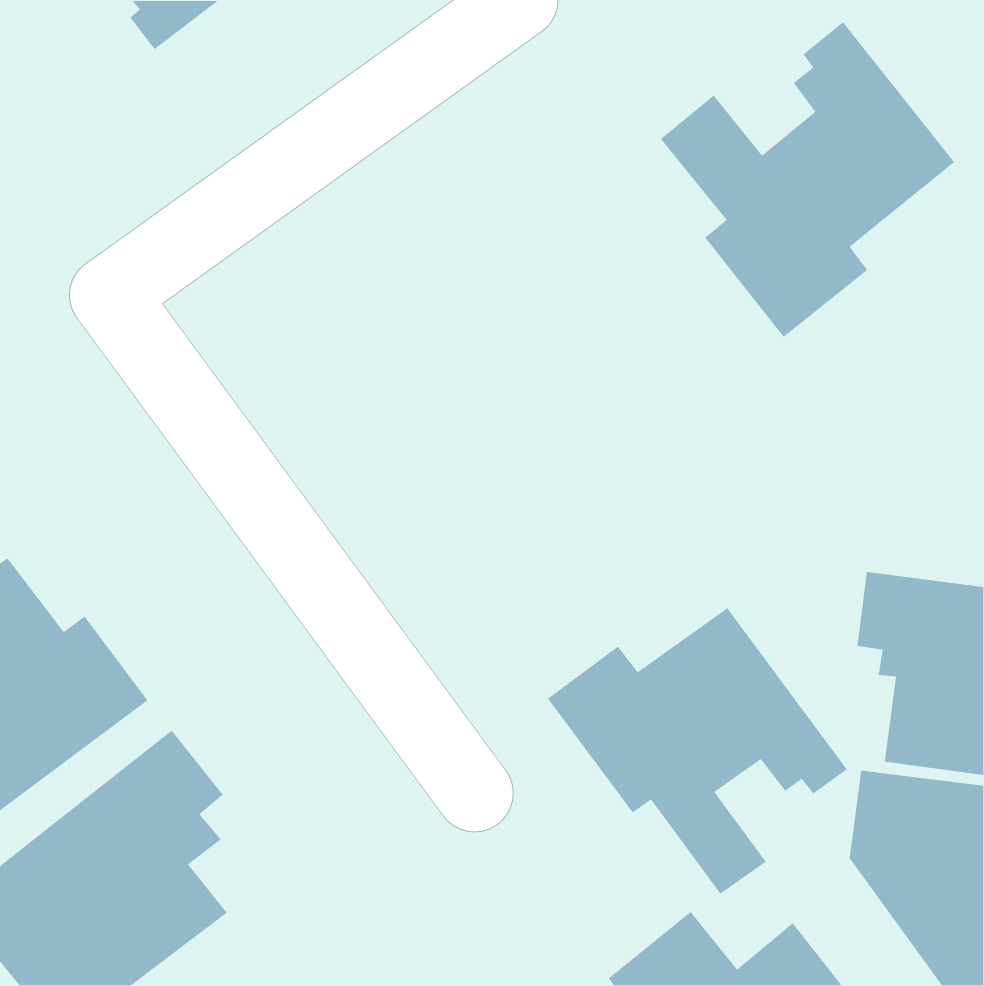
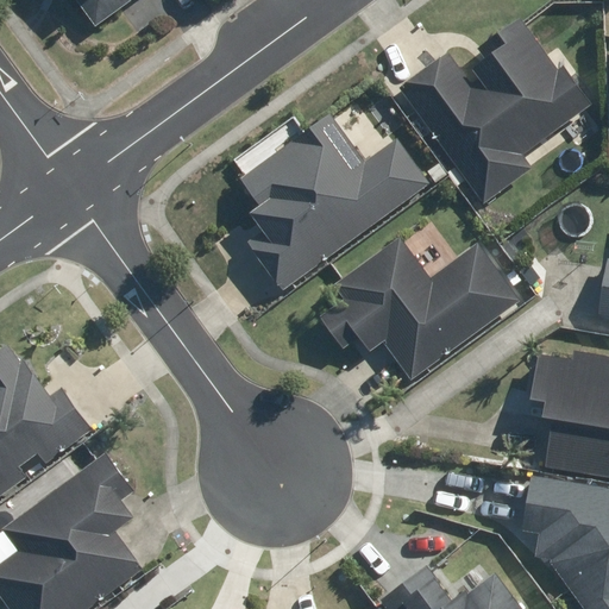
building: none -> [239,94,431,293]
building: none -> [318,236,525,388]
building: [547,607,848,895] -> none

